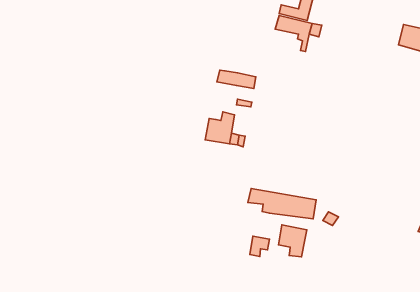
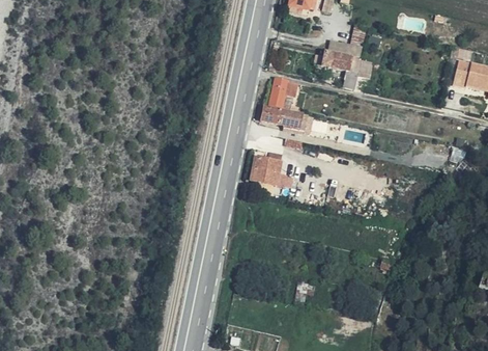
building: none -> [268,77,297,110]
building: [248,188,316,219] -> none
building: [278,225,307,257] -> none

